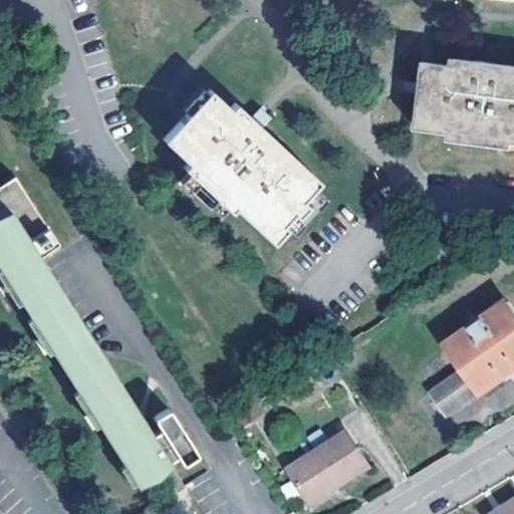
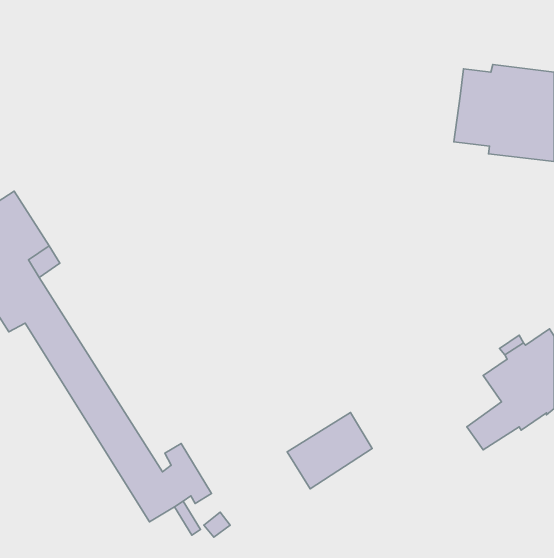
building: [161,88,315,241] -> none
building: [288,433,366,503] -> [287,413,372,489]

